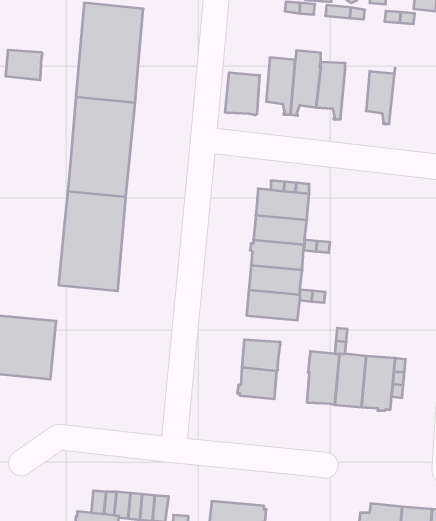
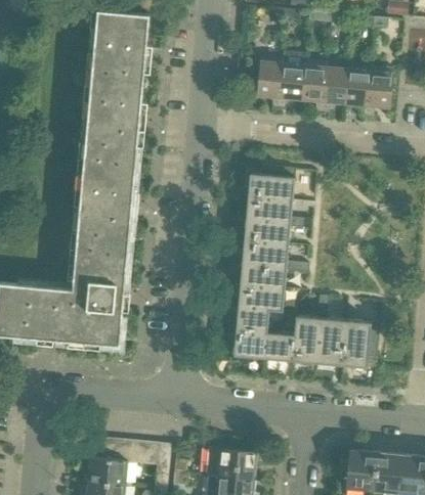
building: [6,50,42,80] -> none
building: none -> [366,66,393,117]
building: none -> [323,68,348,112]
building: [225,73,260,115] -> none
building: none -> [67,258,126,346]
building: none -> [238,284,285,311]
building: none -> [264,332,295,361]

